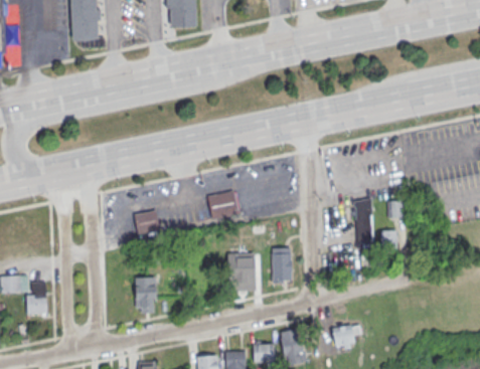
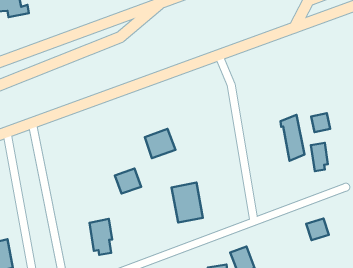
building: [135,210,161,234] -> [115,169,141,194]
building: [272,247,293,281] -> none
building: [333,325,355,346] -> [306,218,329,240]

